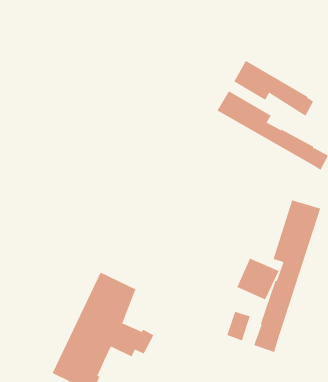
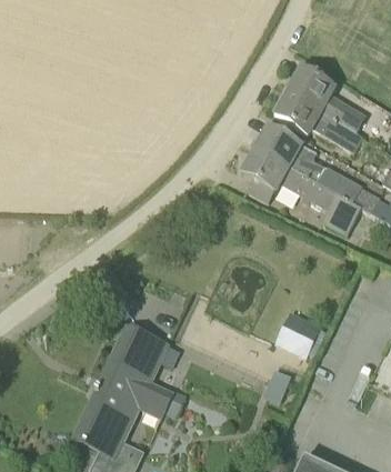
building: none -> [288,67,367,130]
building: none -> [241,145,362,234]
building: [254,199,321,353] -> none

